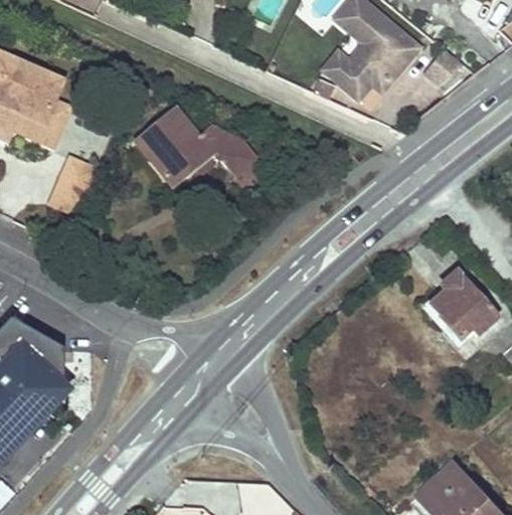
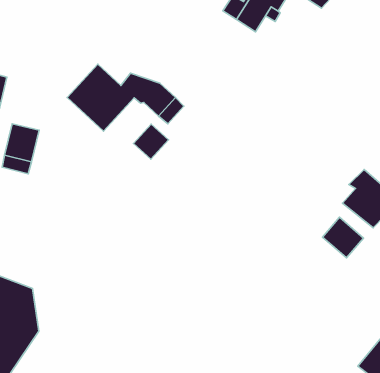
building: none -> [134,124,169,159]
building: none -> [323,217,364,258]

